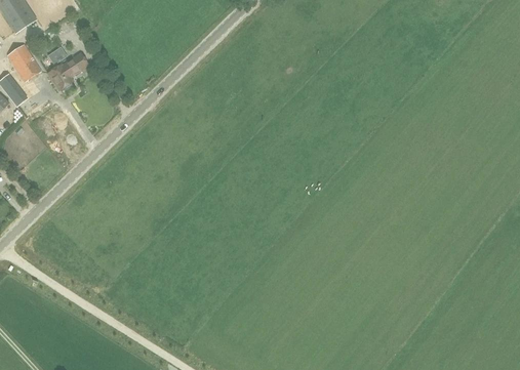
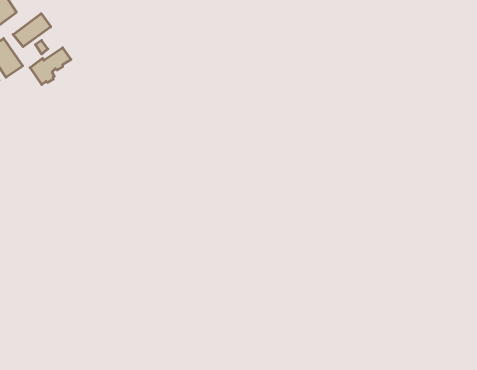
building: none -> [13,14,51,47]

